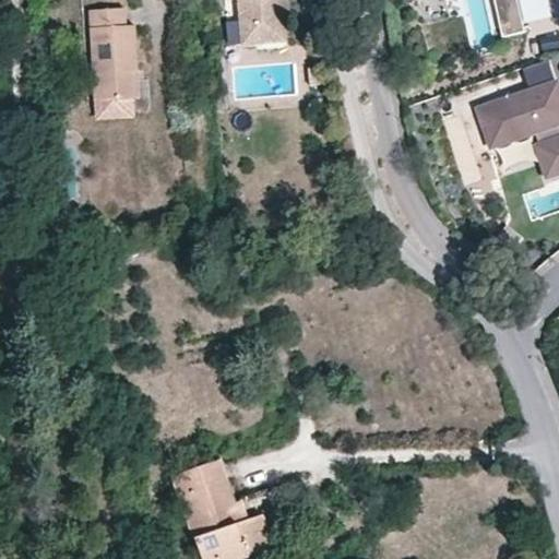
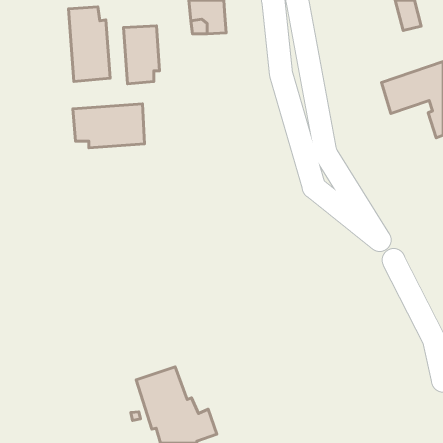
building: none -> [123,26,159,84]
building: none -> [73,104,144,148]

